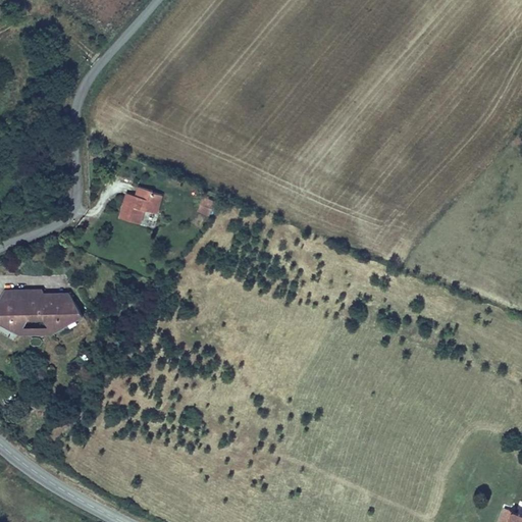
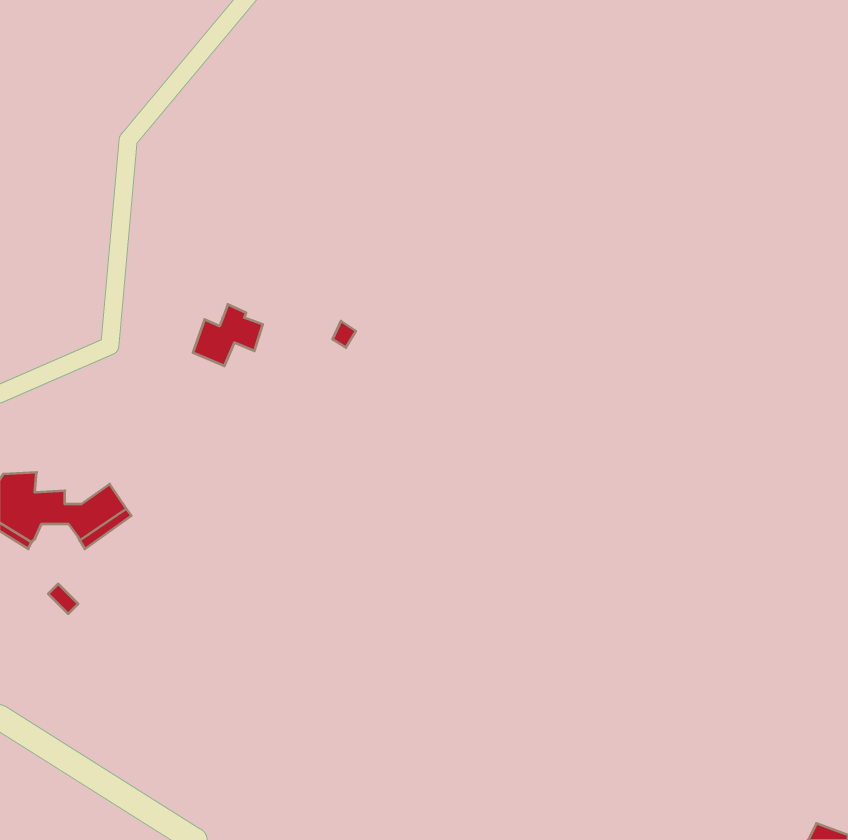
building: [21,290,67,309] -> none

